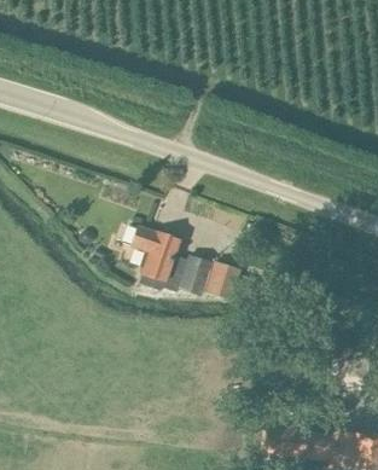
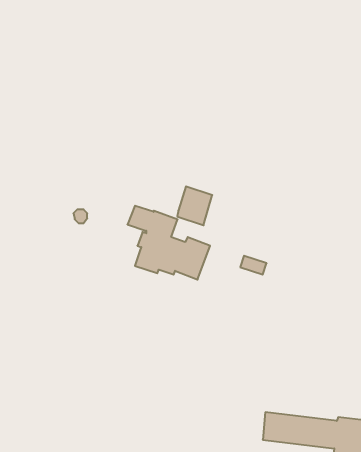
building: [207,261,240,298] -> [177,186,212,225]

